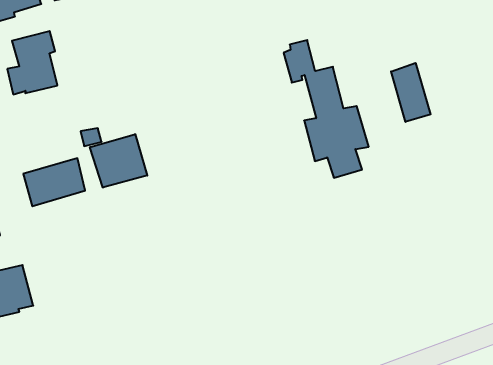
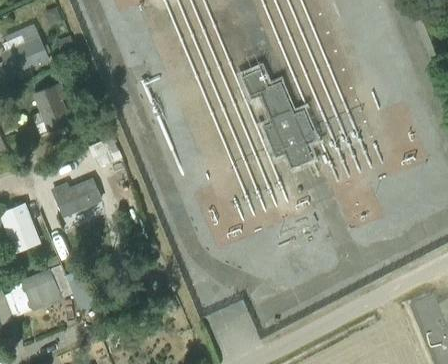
building: [391,63,431,122] -> none
building: [90,134,147,188] -> none

